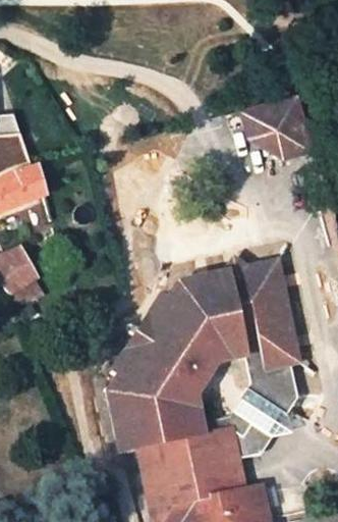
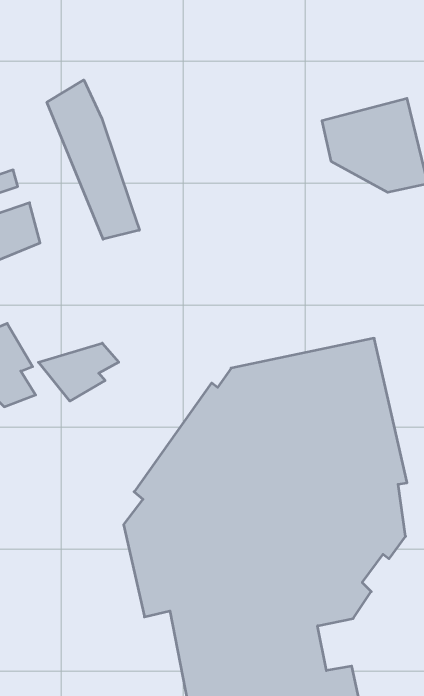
building: none -> [47,80,139,239]
building: none -> [38,343,119,401]

